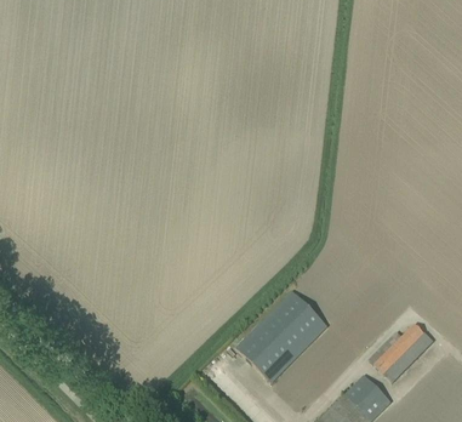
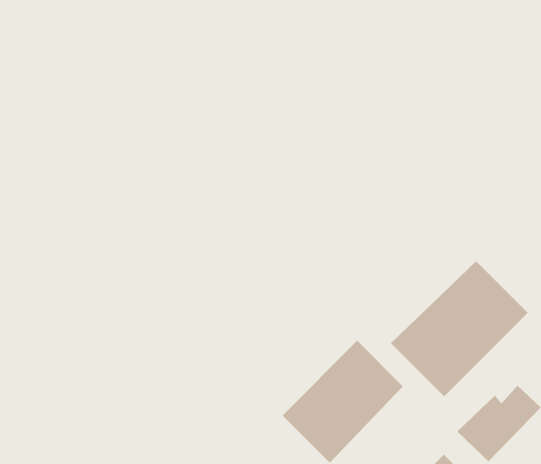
building: none -> [390,261,528,397]

